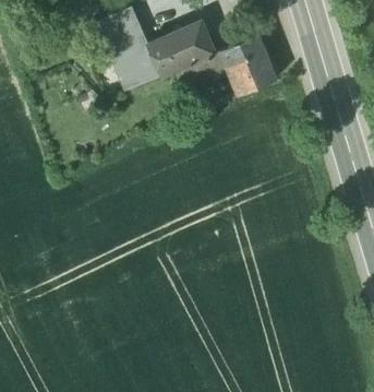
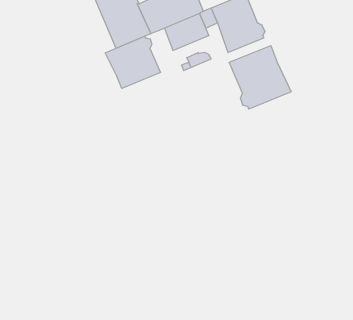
building: none -> [105,36,161,88]
building: none -> [229,46,291,109]

